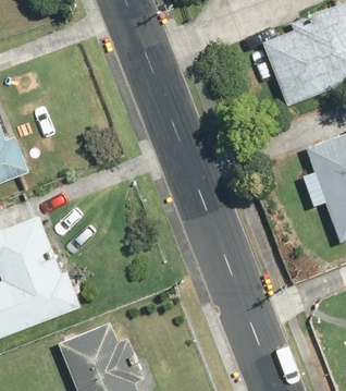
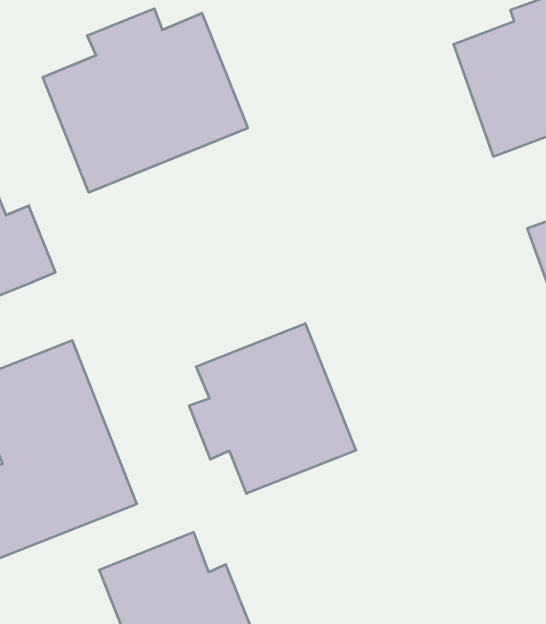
building: none -> [43,9,248,192]
building: none -> [189,323,356,494]

